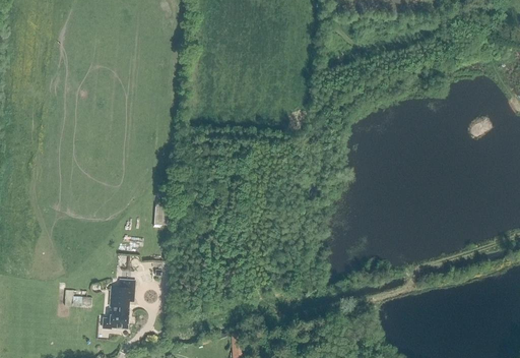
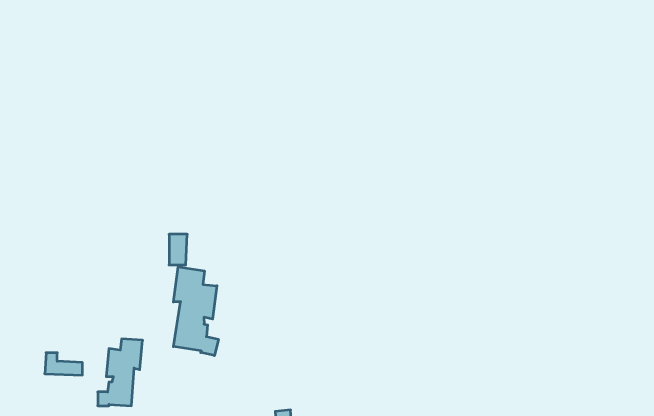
building: none -> [173,267,218,356]

